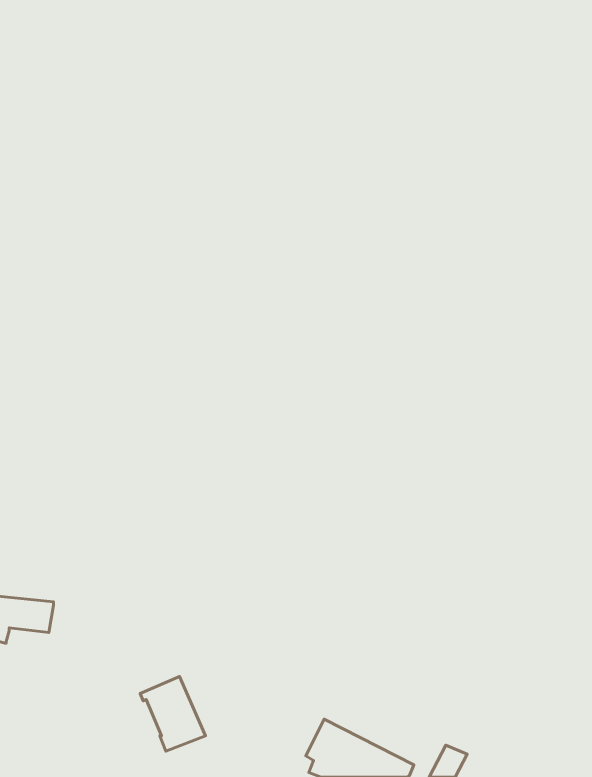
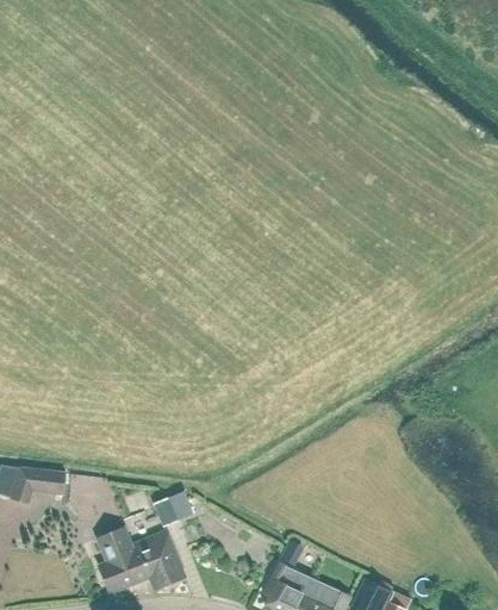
building: none -> [155,492,193,524]
building: none -> [95,525,151,592]

